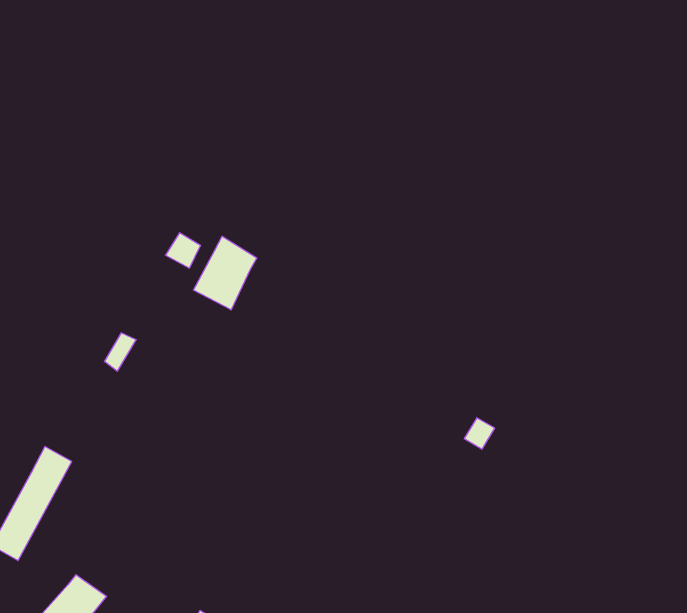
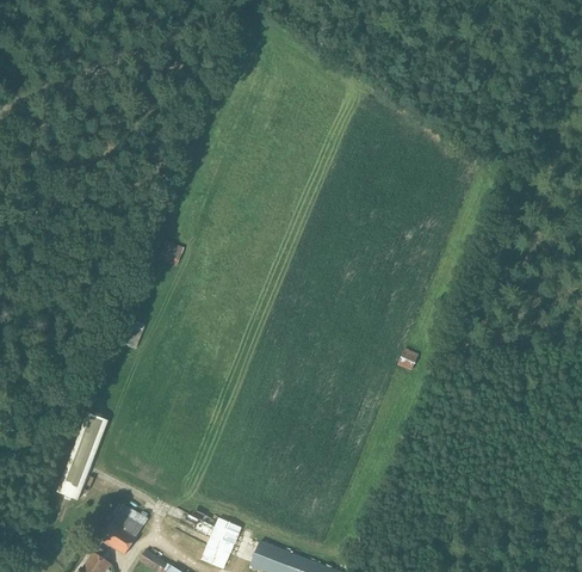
building: [193,236,257,310] -> none

